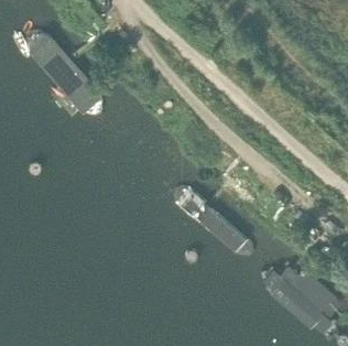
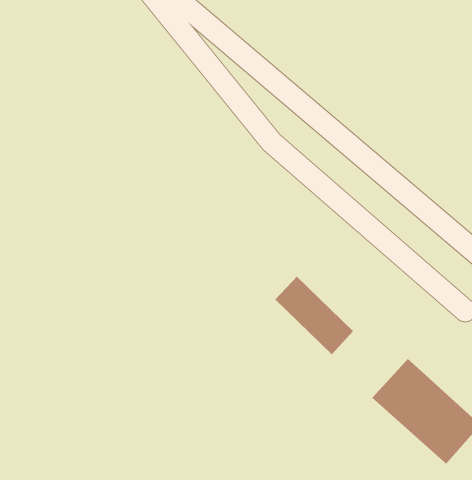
building: [22,28,96,106] -> none

